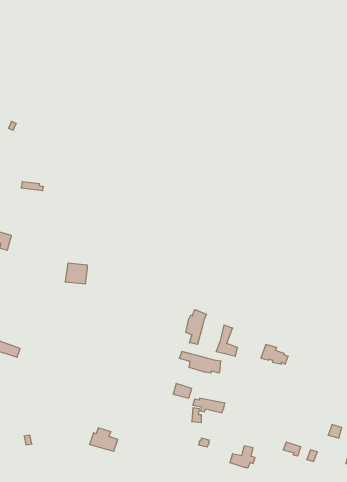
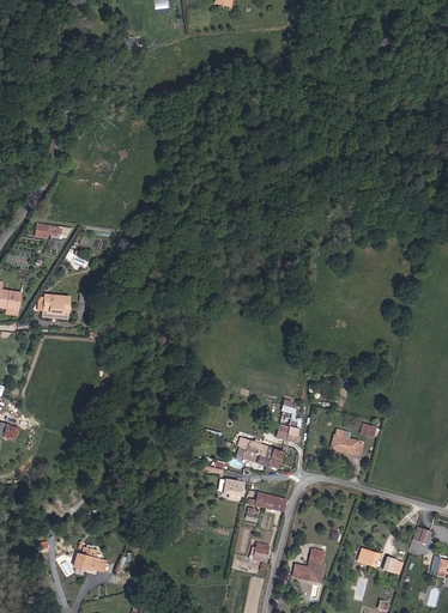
building: [65,263,87,284] -> [41,293,68,318]
building: [186,310,206,344] -> none
building: [89,428,118,451] -> [73,547,108,576]

